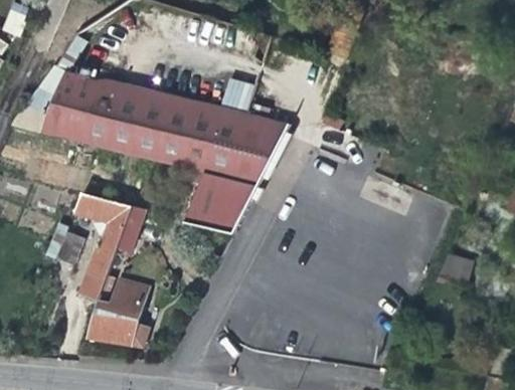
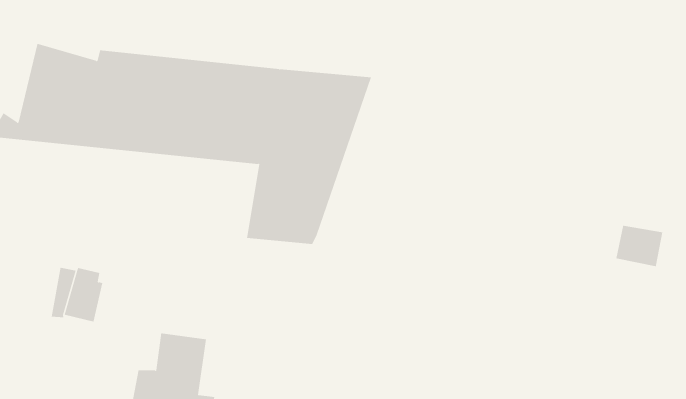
building: [70,192,131,300] -> none

